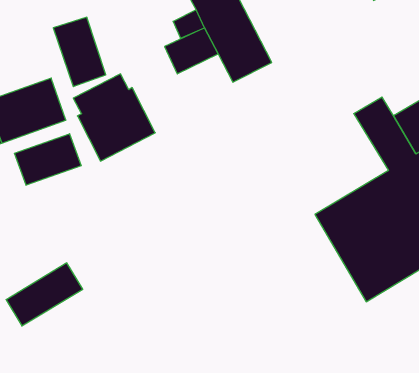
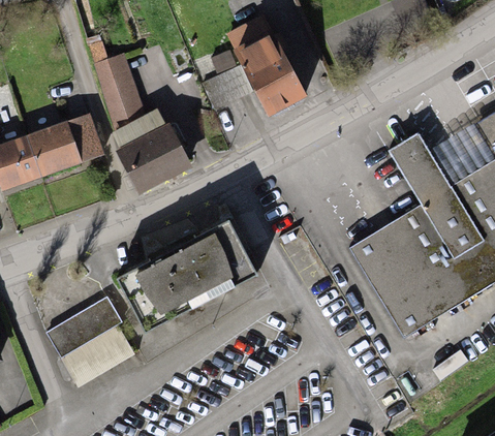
building: [15,134,81,185] -> none
building: none -> [118,220,258,333]
building: none -> [61,323,134,385]

